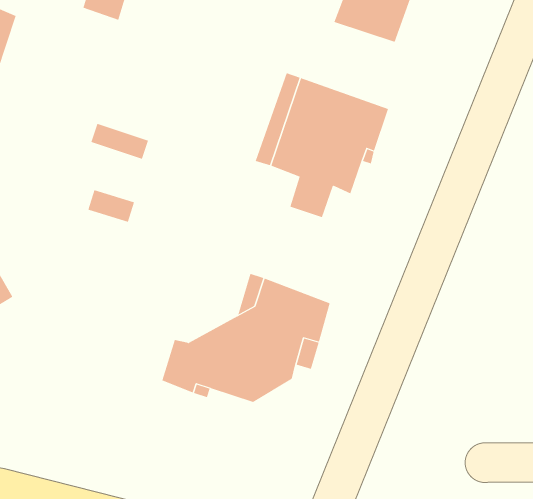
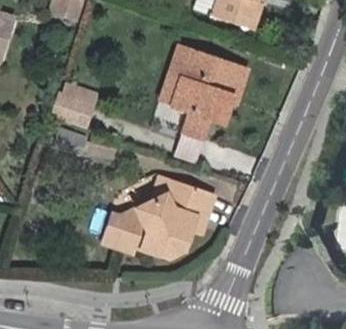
building: none -> [51,96,91,128]

